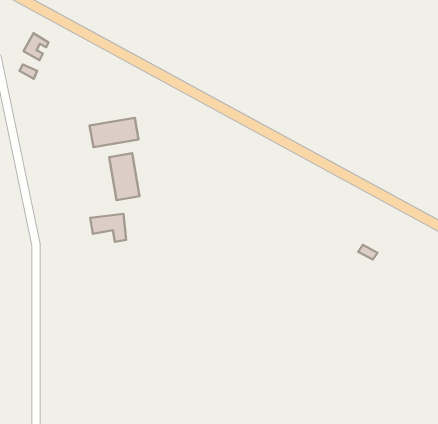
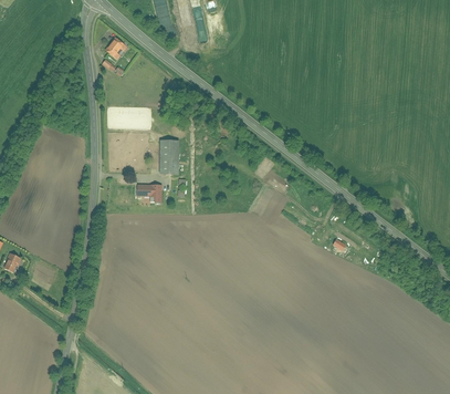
building: [90,118,139,147] -> none

